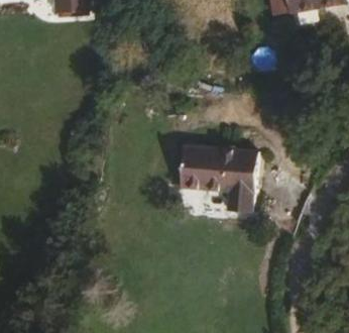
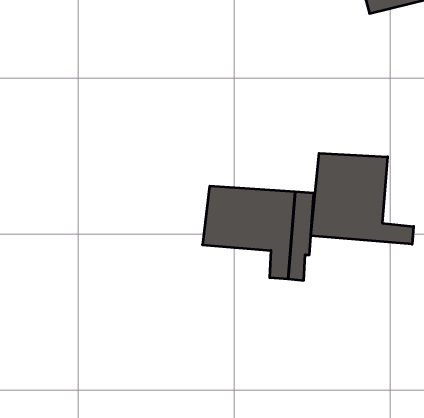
building: none -> [311,153,414,244]

